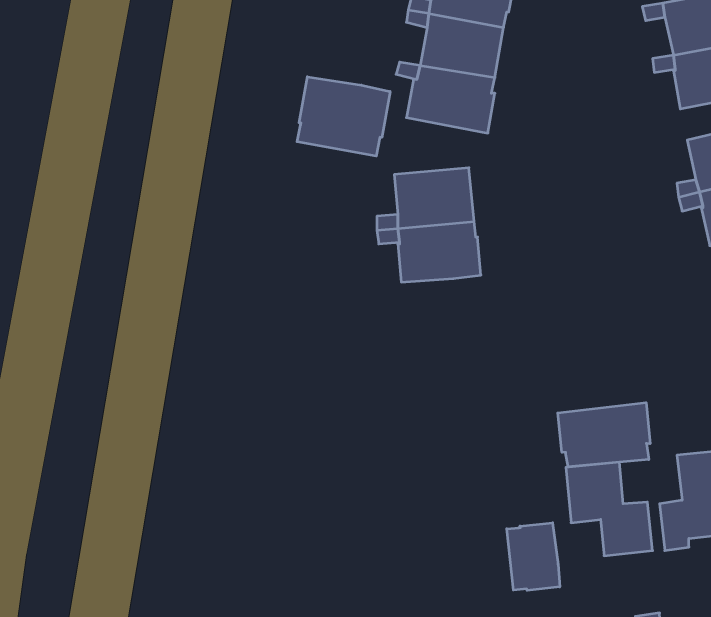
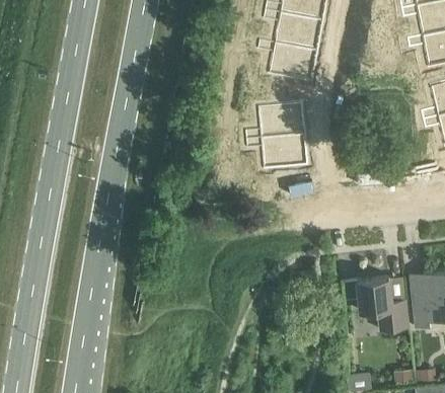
building: [297,77,390,156] -> none
building: [558,403,650,467] -> none
building: [507,523,560,590] -> none

